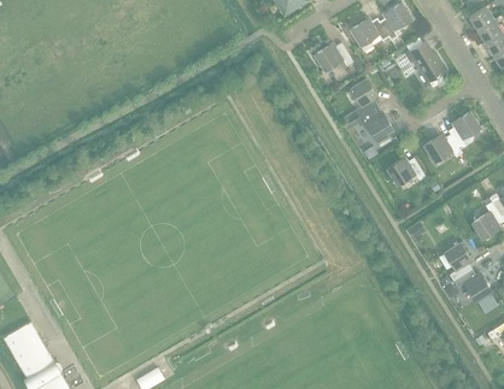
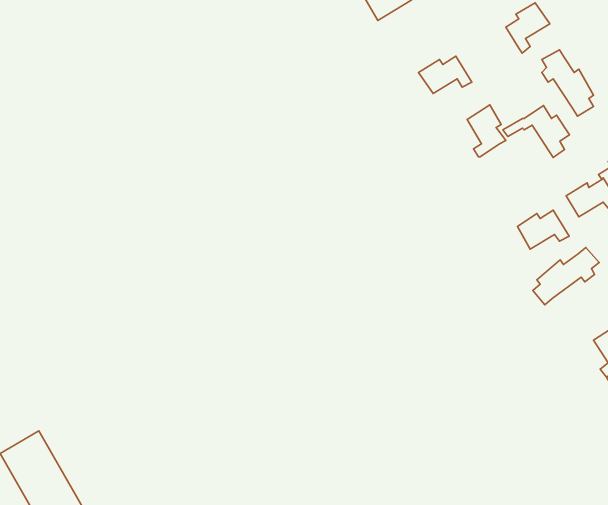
building: [350,17,388,51] -> none
building: [344,107,393,146] -> [503,106,569,157]
building: none -> [533,248,599,305]

